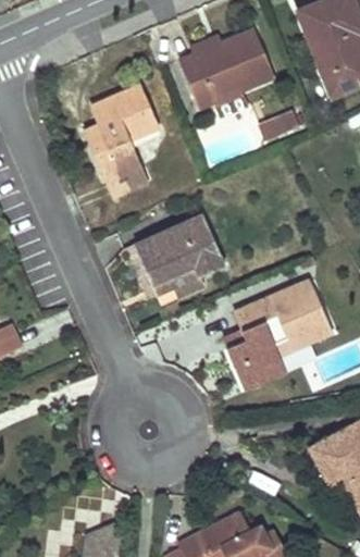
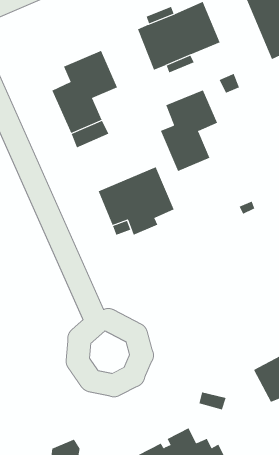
building: none -> [160,89,218,172]
building: [227,286,331,387] -> none

